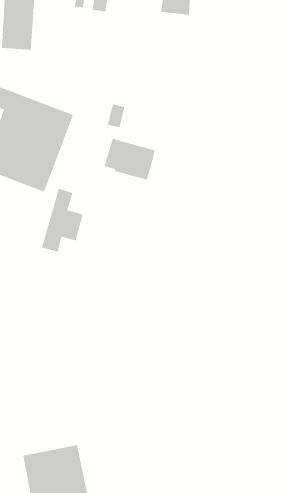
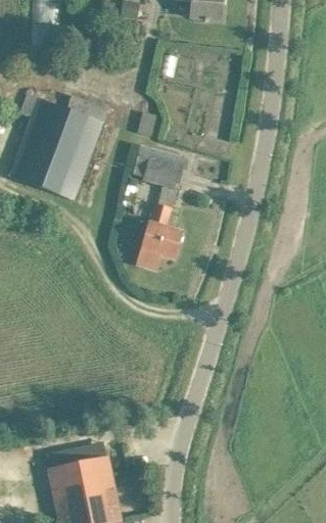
building: [41,188,83,252] -> [139,203,182,269]

